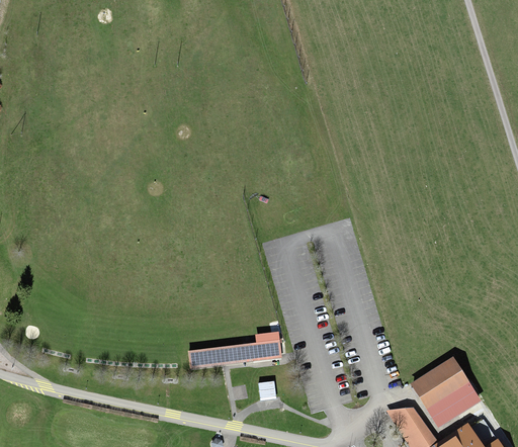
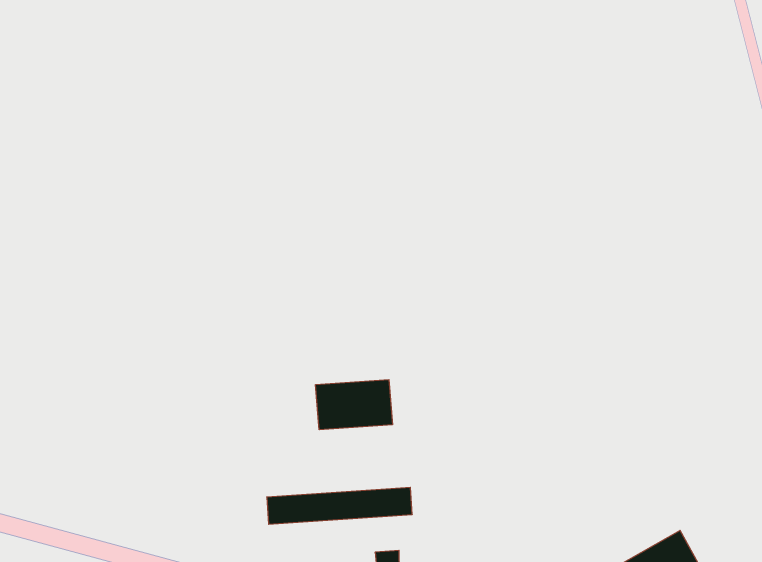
building: none -> [316,380,392,430]

